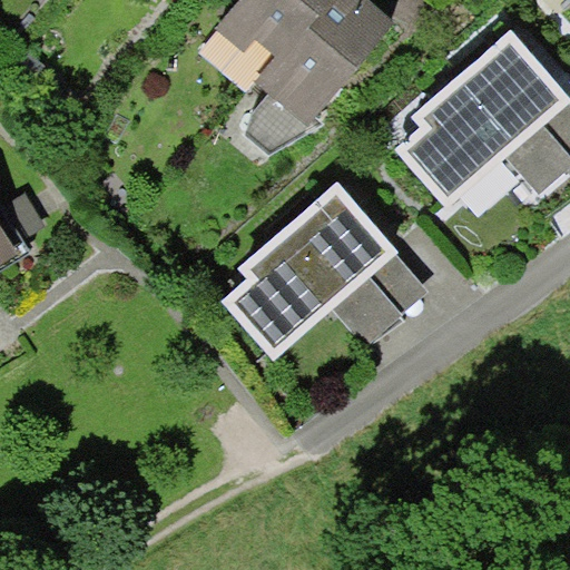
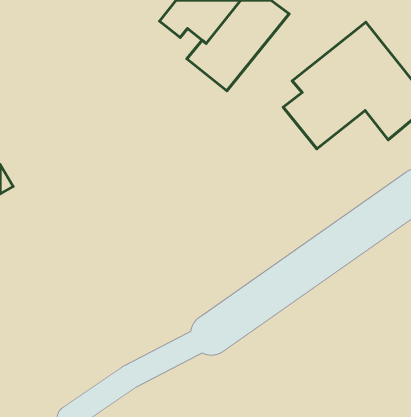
building: [218,183,430,354] -> none

